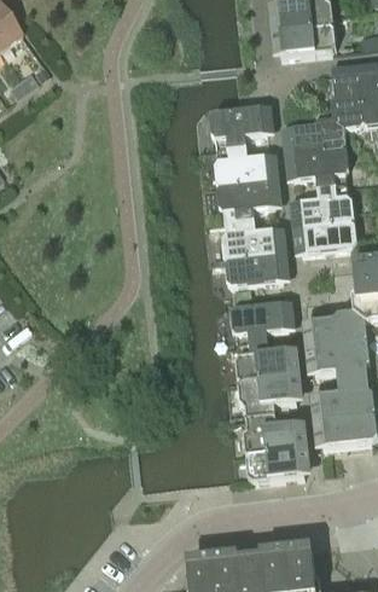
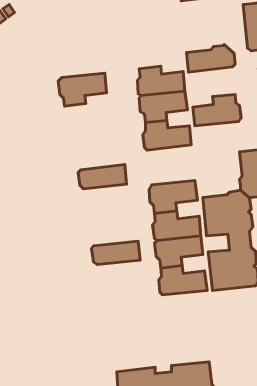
building: [330,60,362,127] -> none
building: [208,103,273,147] -> [58,73,106,106]
building: [283,145,348,185] -> none
building: [291,219,356,251] -> none
building: [223,250,289,283] -> [78,165,126,189]
building: [245,447,310,478] -> [92,241,140,265]

